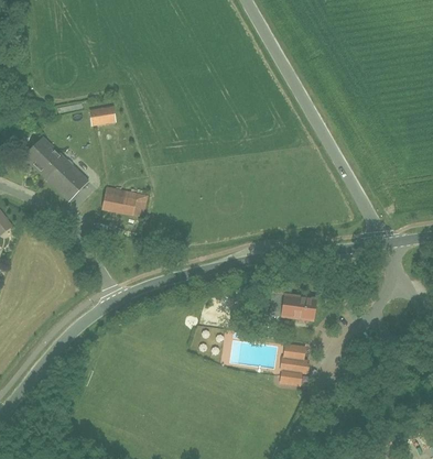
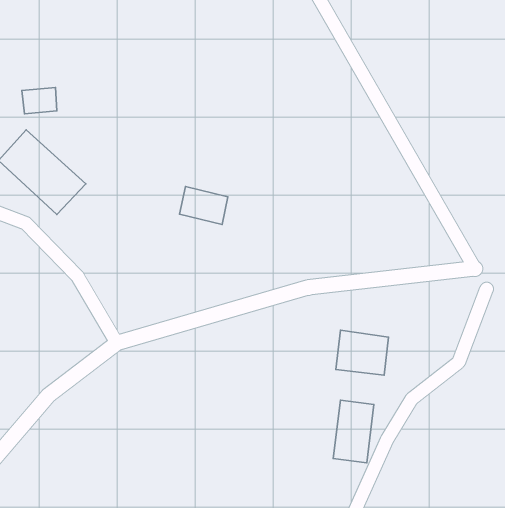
building: [89,106,116,125] -> [22,88,57,114]
building: [100,186,137,215] -> [180,187,228,225]

